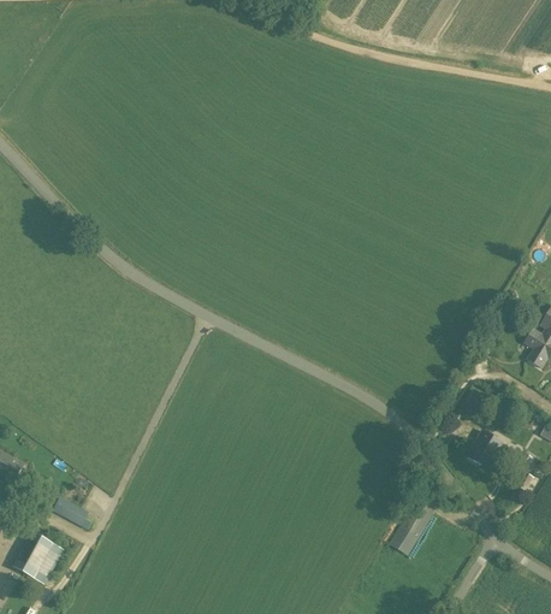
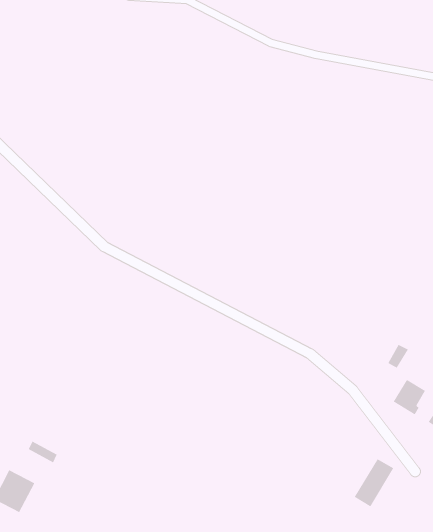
building: [389,501,434,556] -> [354,459,394,507]

